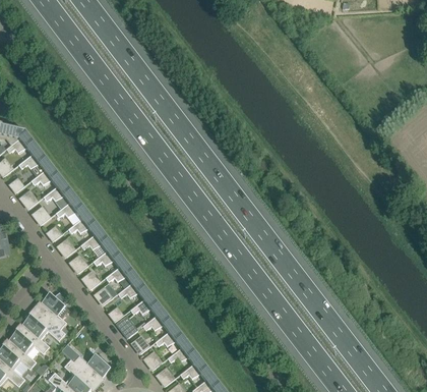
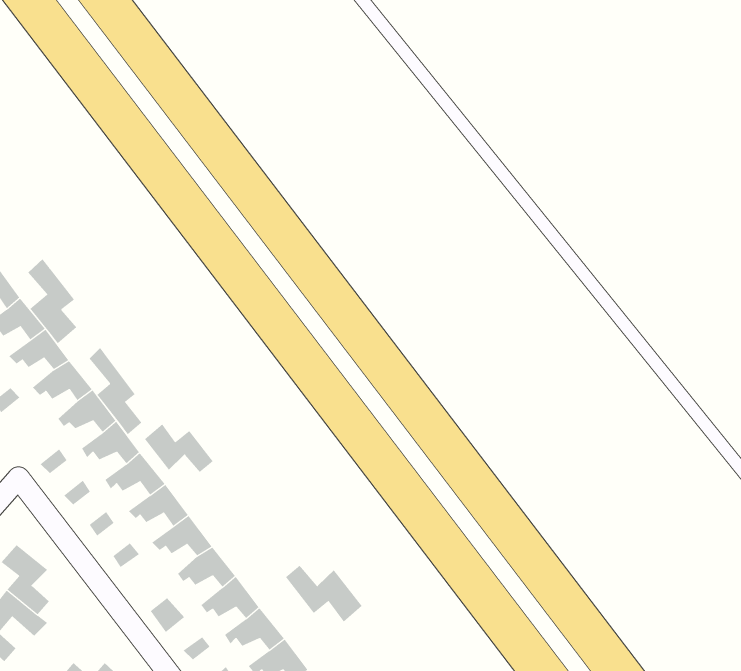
building: none -> [27,258,77,344]
building: none -> [89,347,142,435]
building: none -> [144,424,214,473]
building: none -> [285,565,363,622]

